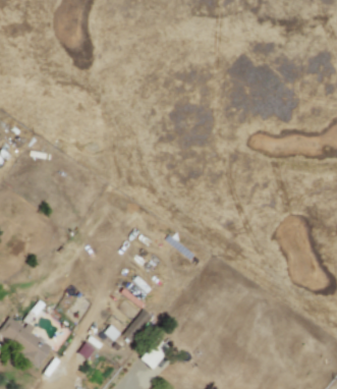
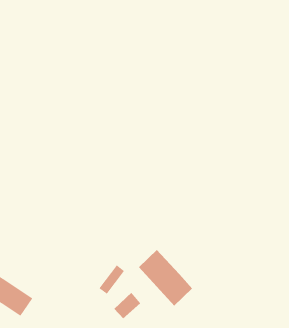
building: none -> [138,249,193,306]

